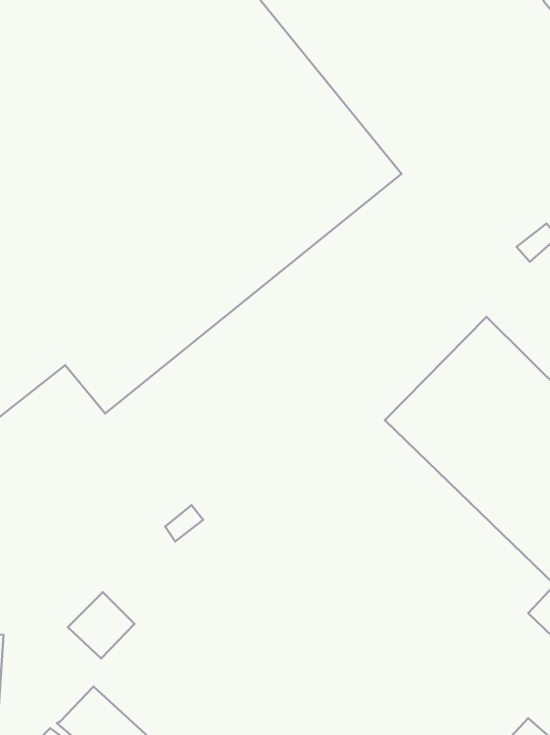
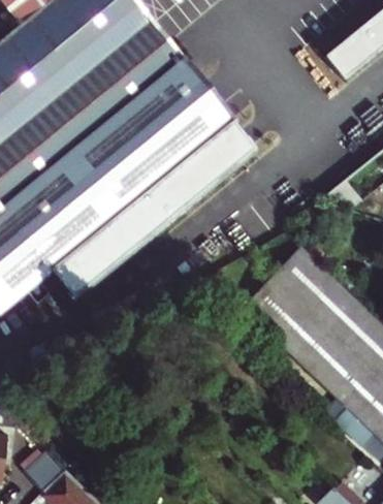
building: [68,592,135,659] -> [23,452,64,494]

